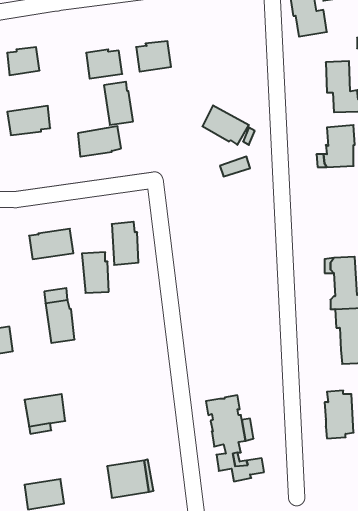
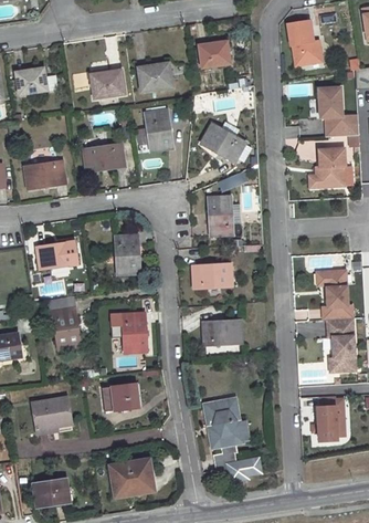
building: none -> [199,40,230,67]
building: [104,82,133,125] -> [145,109,172,150]
building: [7,106,50,135] -> [24,160,65,188]
building: none -> [208,196,233,236]
building: none -> [192,262,232,287]
building: [82,252,109,293] -> [122,313,147,352]
building: none -> [202,320,242,345]
building: none -> [102,383,139,411]

